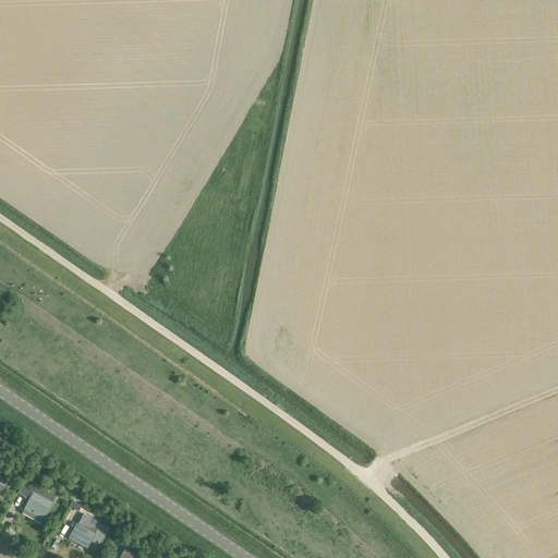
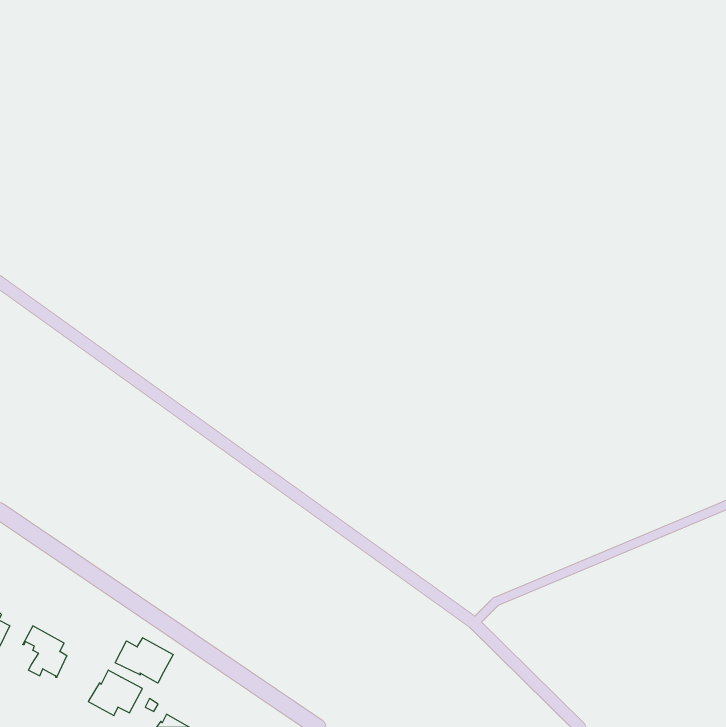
building: none -> [115,638,173,683]

